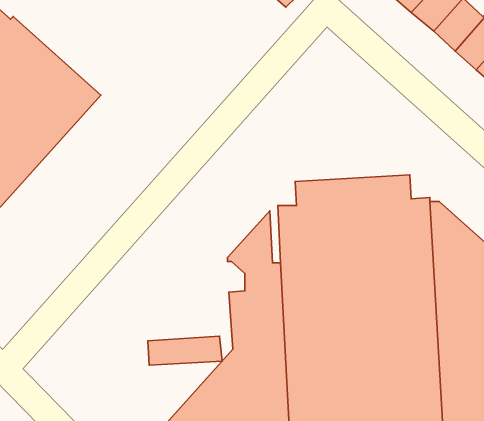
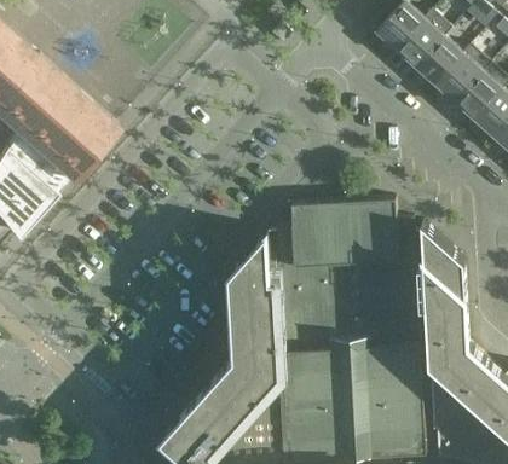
building: [148,336,222,365] -> none

